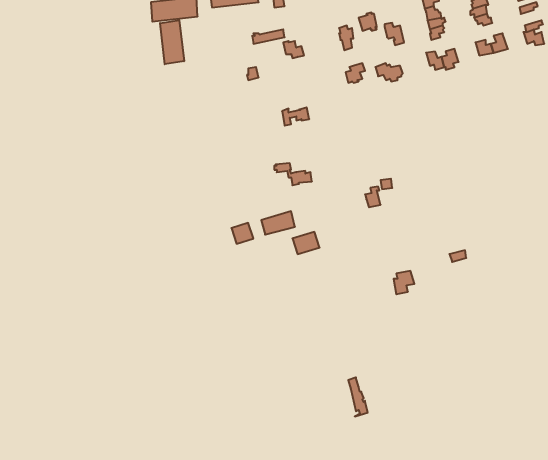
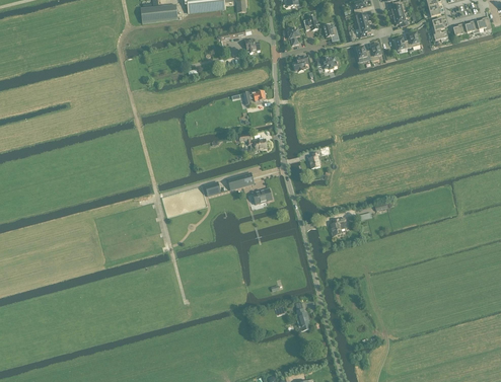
building: [160,20,184,64] -> none

